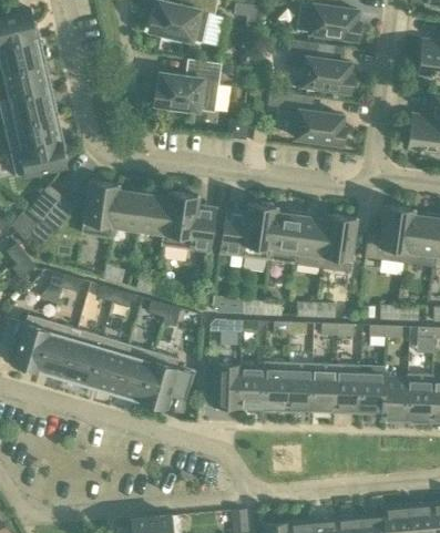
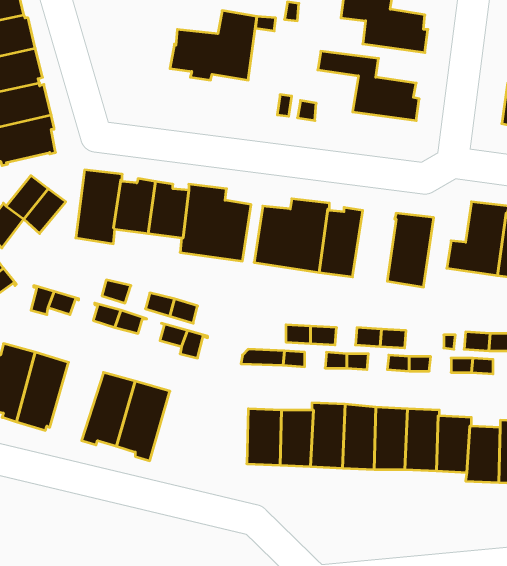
building: [295,213,328,267] -> none
building: [63,329,104,389] -> none
building: [140,351,193,409] -> none

